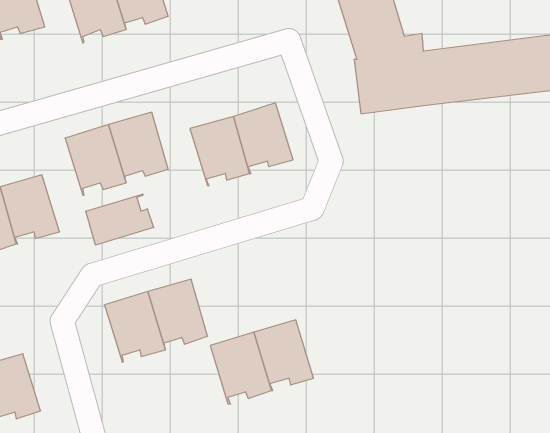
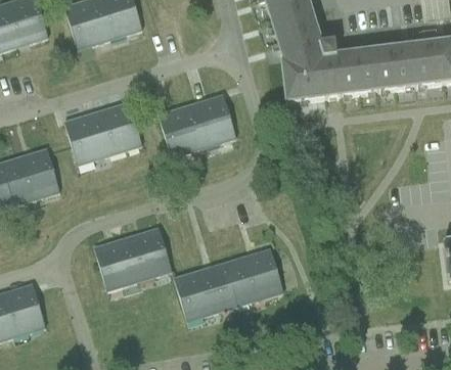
building: [86,194,154,245] -> none
building: none -> [238,247,284,302]

